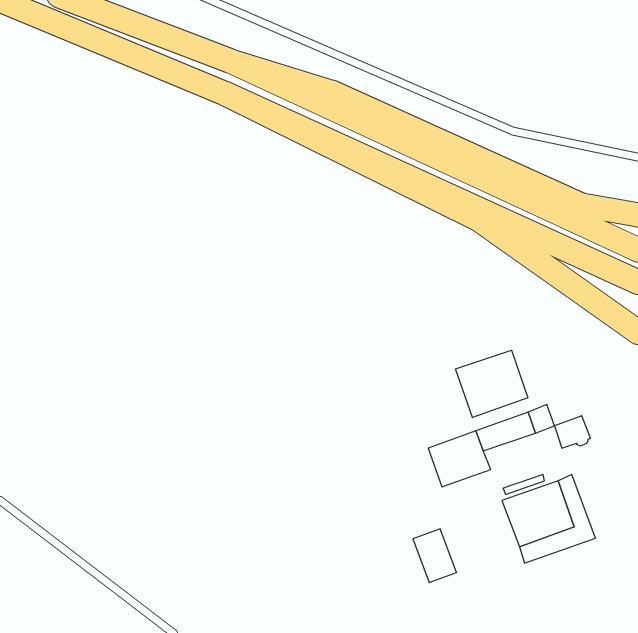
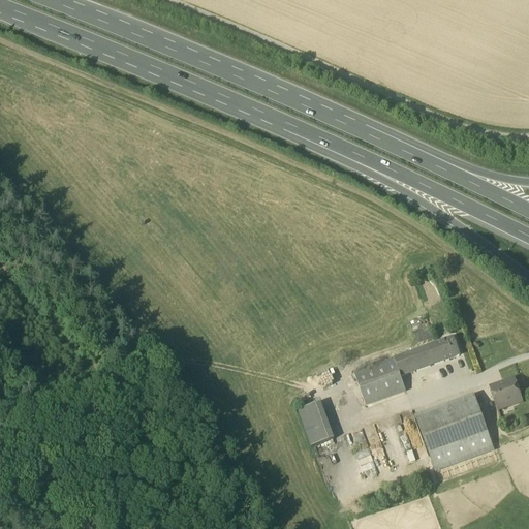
building: [455,350,528,418] -> none
building: [554,416,591,448] -> [491,377,521,404]
building: [413,529,457,583] -> [298,400,334,444]

